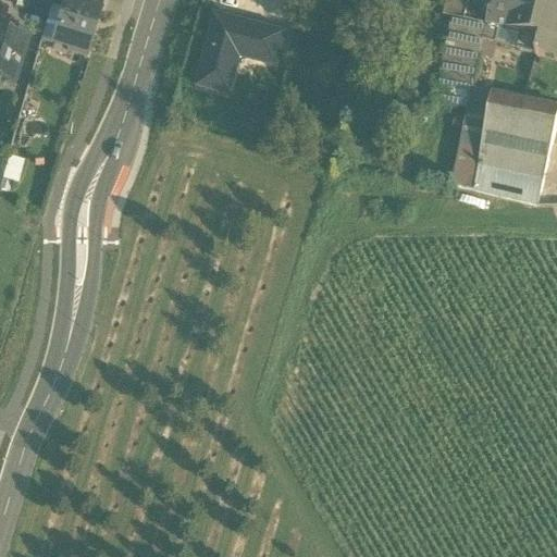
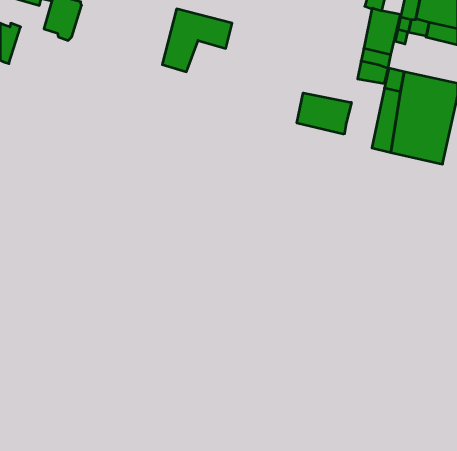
building: none -> [297,93,351,134]

